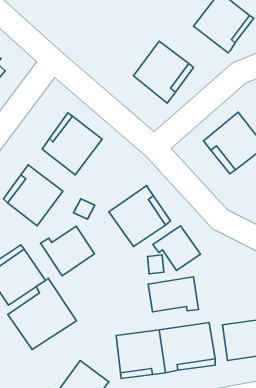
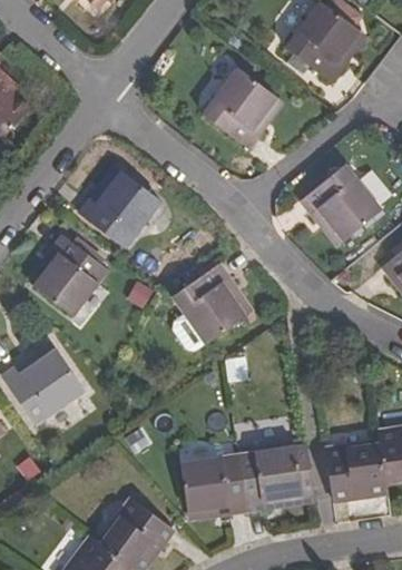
building: [153,226,200,271] -> none
building: [41,226,94,276] -> none
building: [148,277,199,312] -> none
building: [8,278,76,349] -> none

